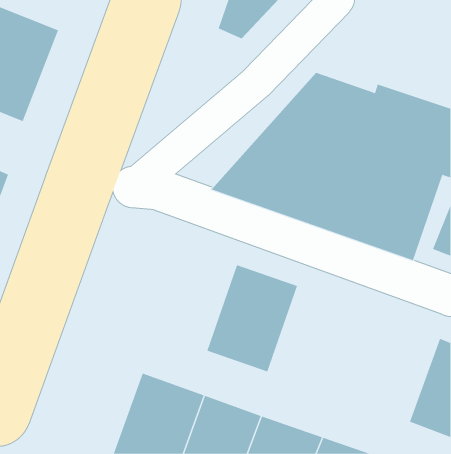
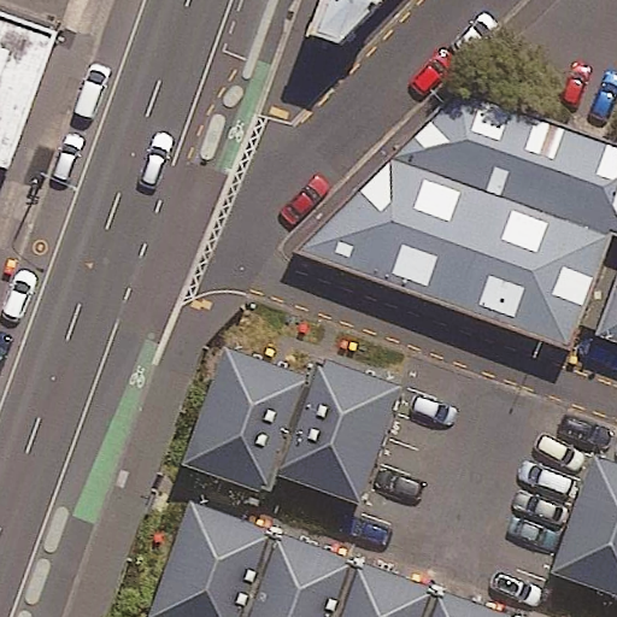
building: none -> [187,345,315,494]

